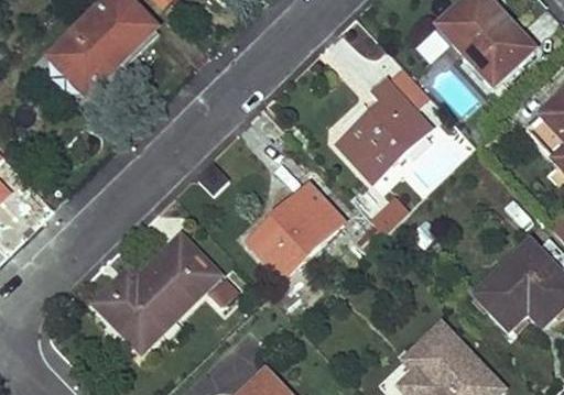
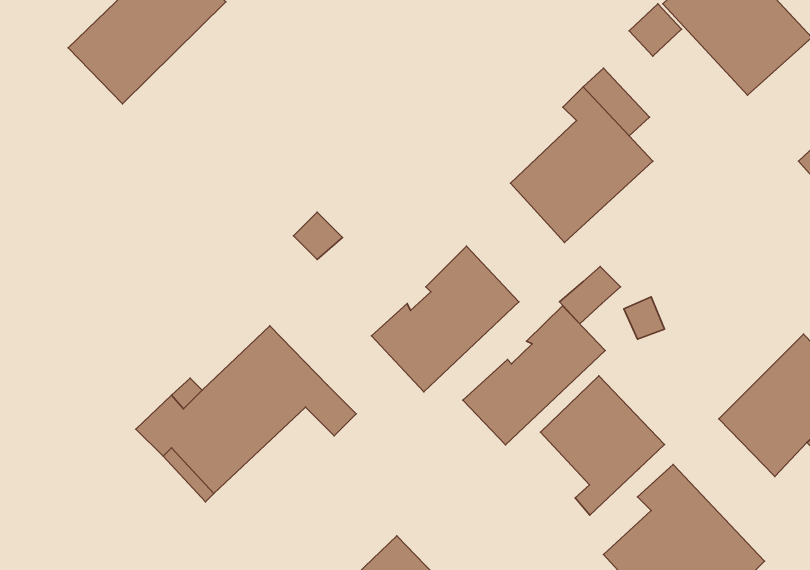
building: none -> [463,306,605,445]
building: none -> [540,376,665,515]

